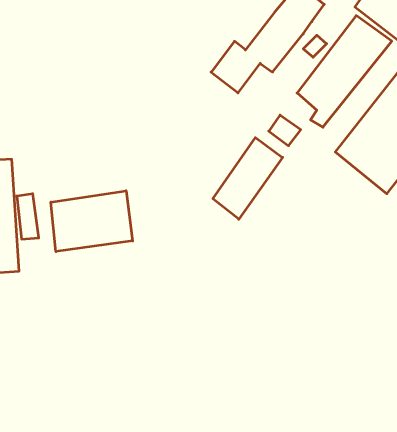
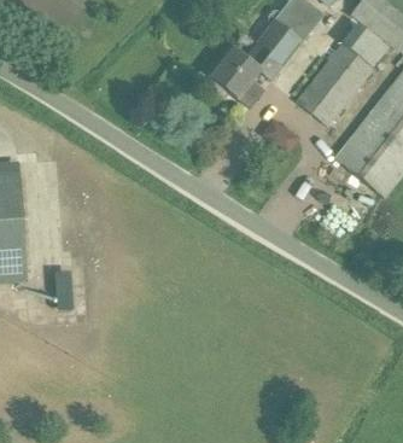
building: [213,138,283,219] -> none
building: [51,191,133,252] -> none

